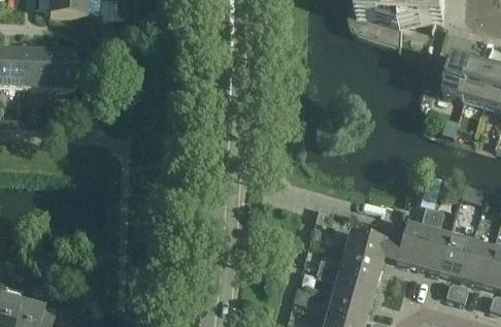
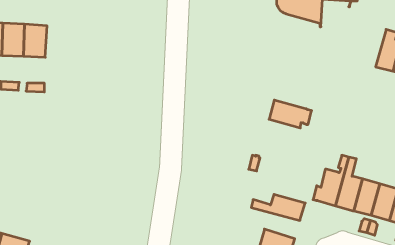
building: [445,53,478,100] -> none
building: [345,229,396,262] -> [269,100,312,128]
building: [316,267,376,304] -> none

